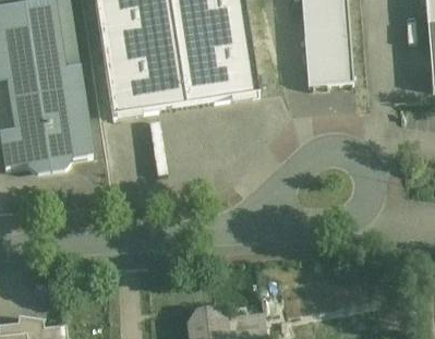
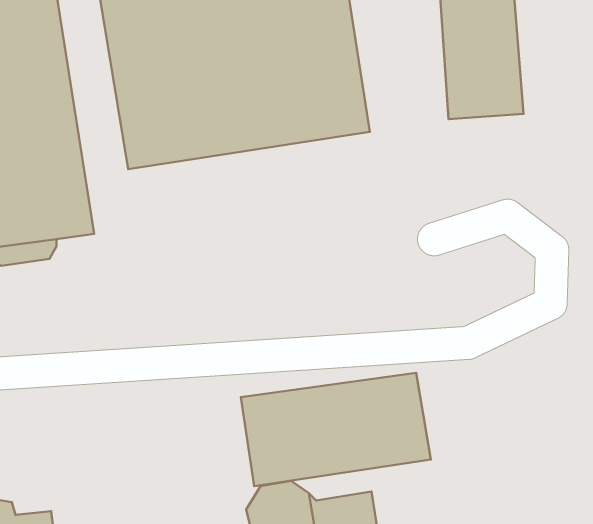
building: none -> [241,373,431,486]

